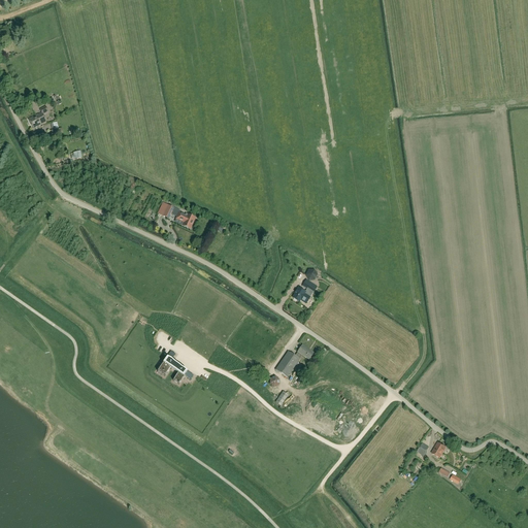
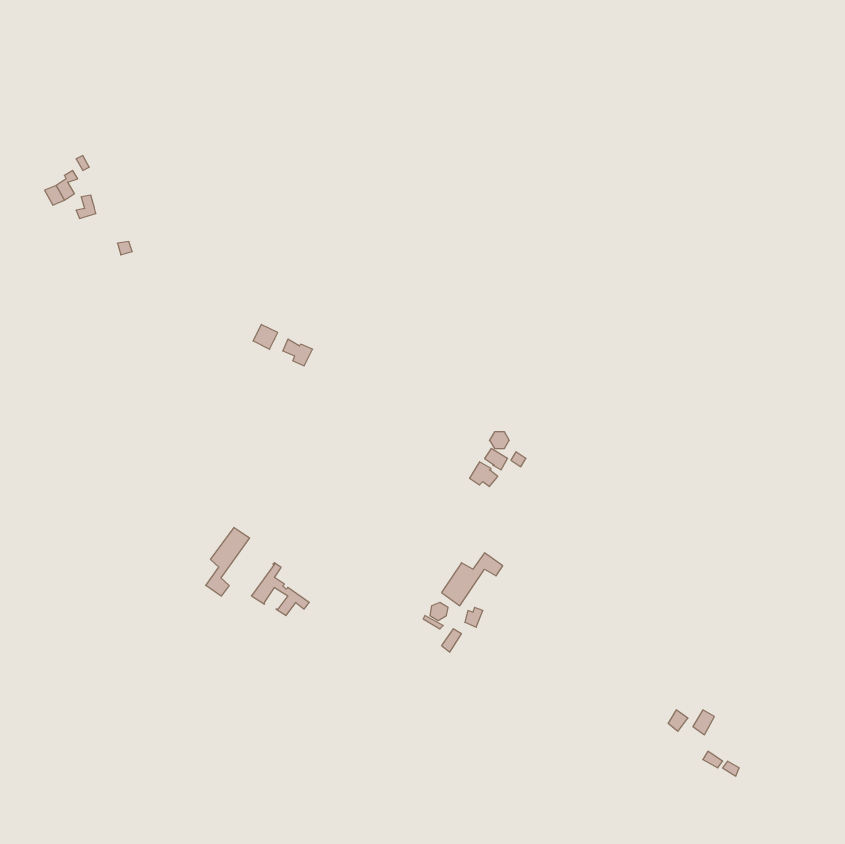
building: none -> [206,527,250,596]

